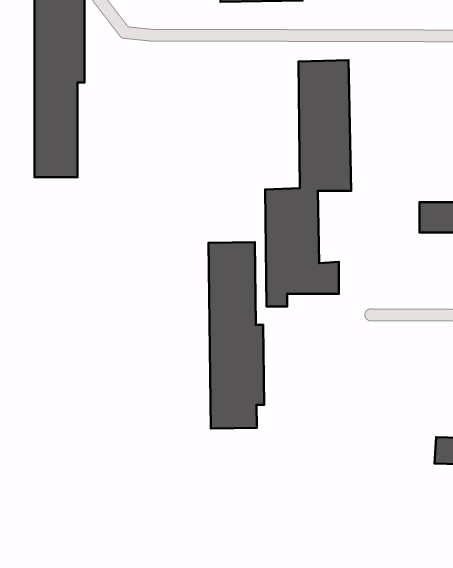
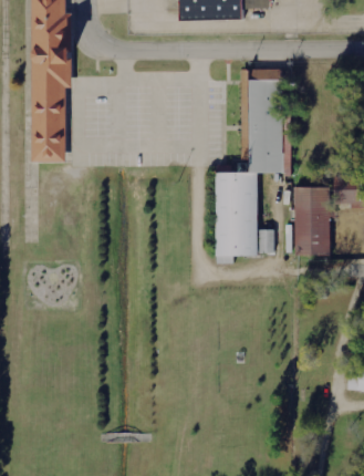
building: none -> [293,186,330,255]
building: [209,242,264,429] -> none

